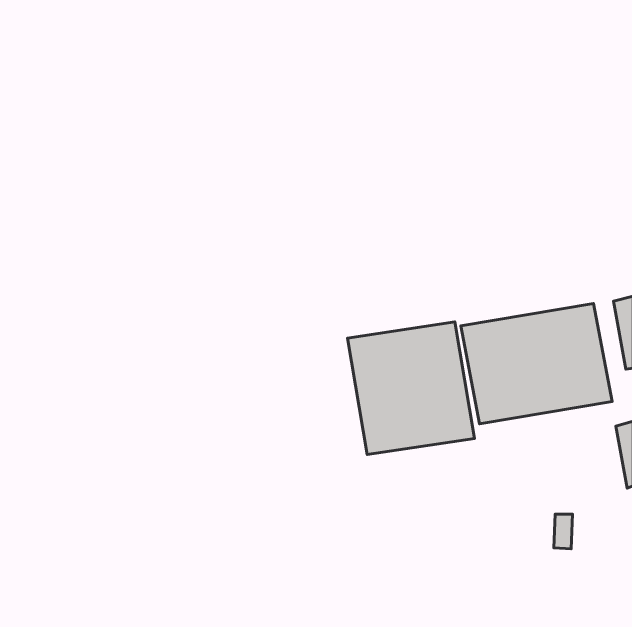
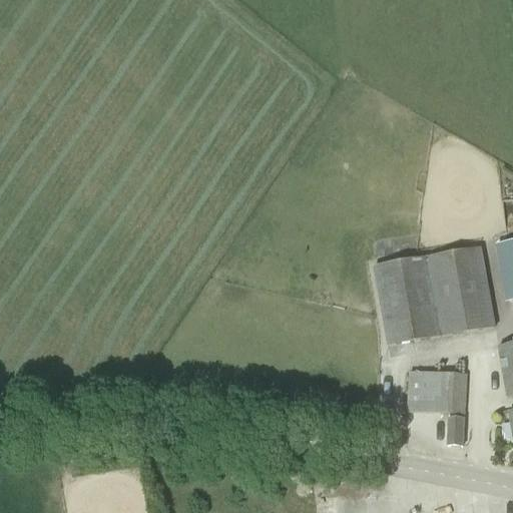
building: [348,322,474,455] -> none
building: none -> [409,370,467,413]

